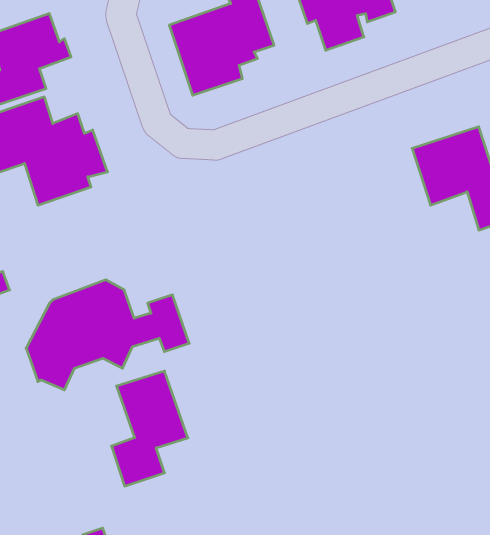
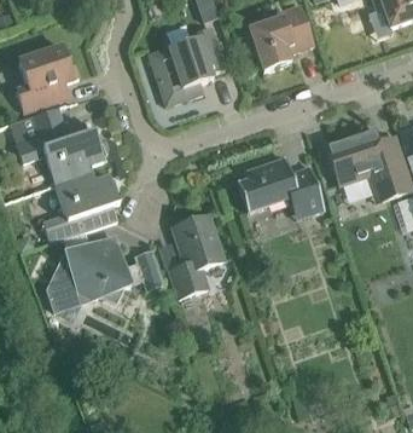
building: none -> [237,157,325,215]
building: none -> [42,171,120,242]
building: [111,371,188,486] -> [169,214,225,298]

